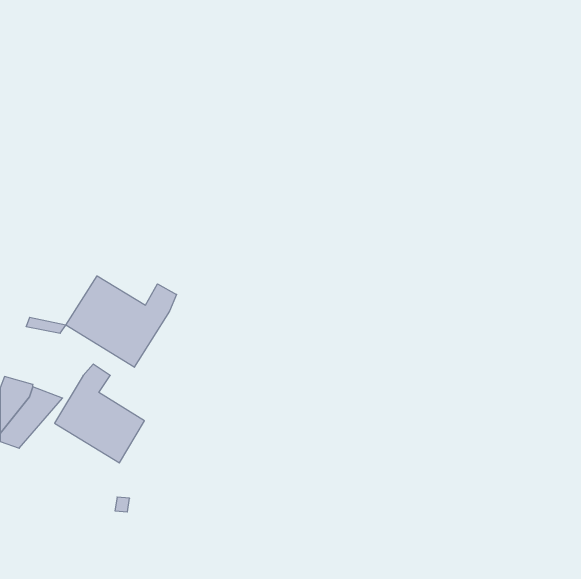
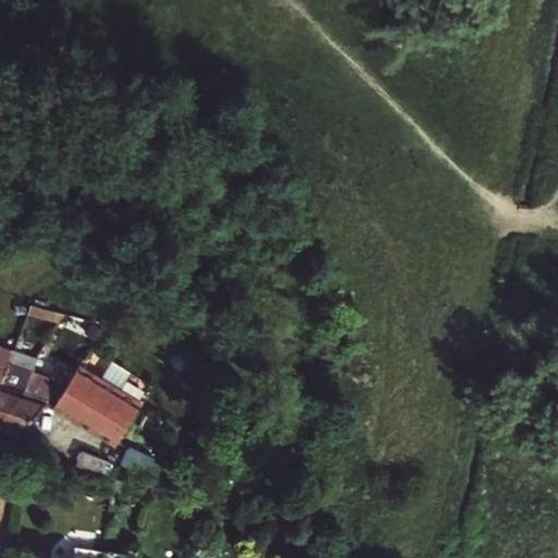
building: [66,276,177,367] -> none

